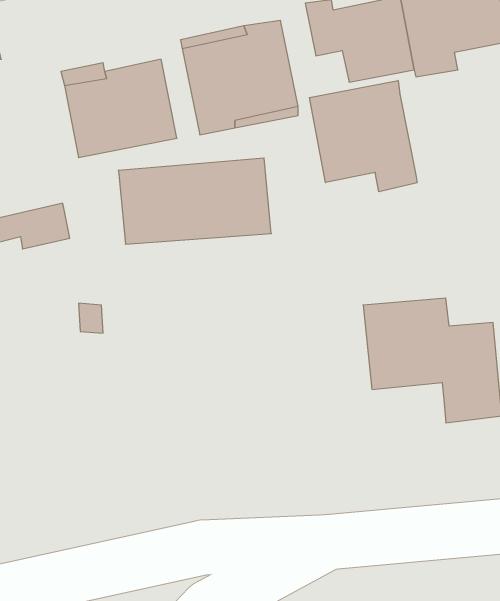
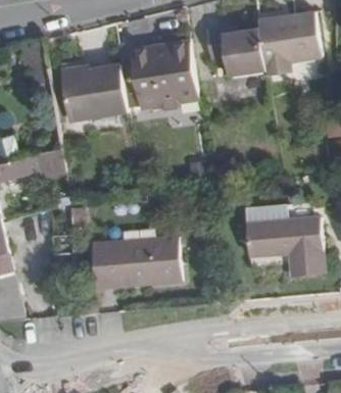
building: [309,80,417,192] -> none
building: [118,158,271,244] -> [94,238,183,288]

